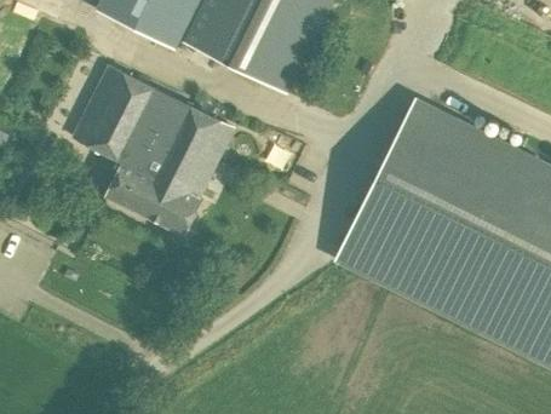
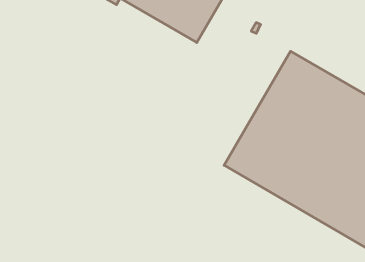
building: [74,67,233,235] -> none

